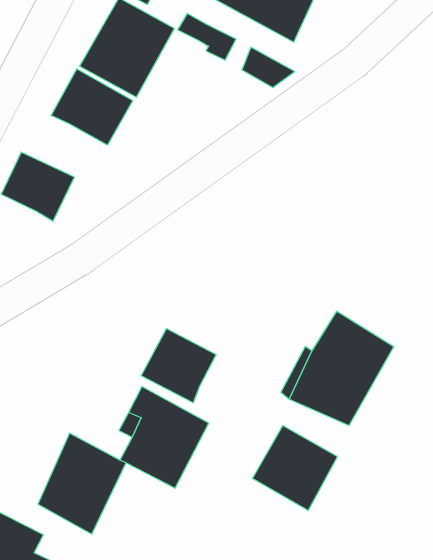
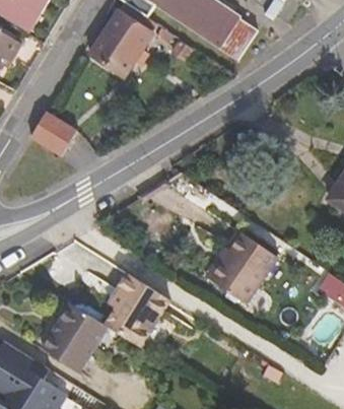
building: [51,69,133,145] -> none
building: [141,328,216,403] -> none
building: [253,426,338,511] -> none

